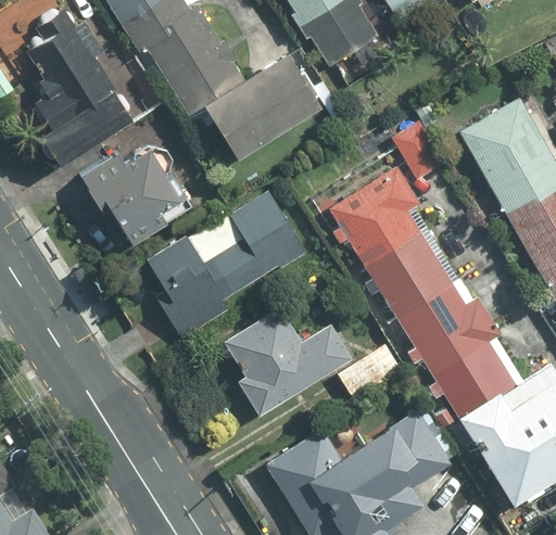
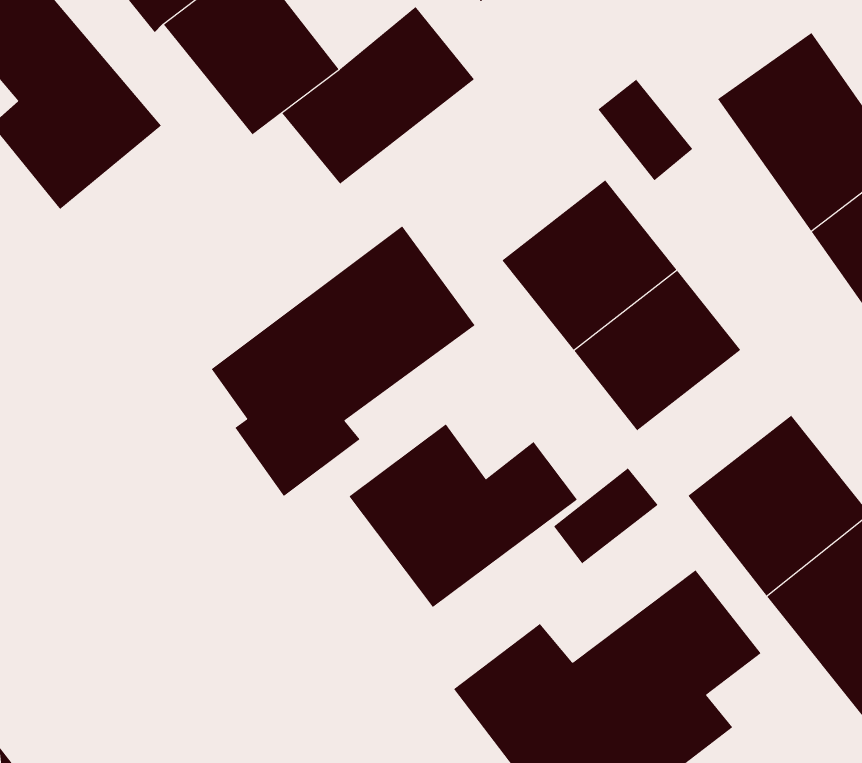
building: [85,139,188,246] -> none
building: [394,282,485,364] -> none

